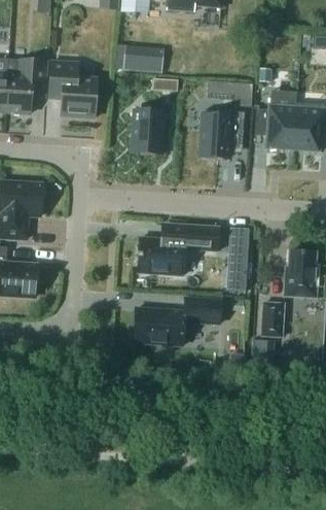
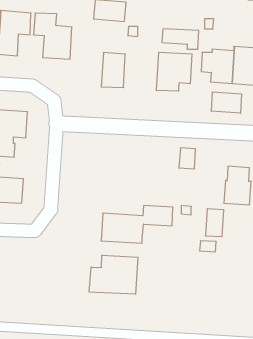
building: none -> [211,92,242,113]
building: [138,224,219,275] -> none
building: [226,252,248,291] -> none
building: none -> [89,255,138,294]

